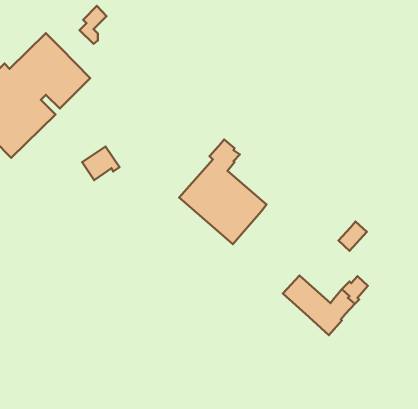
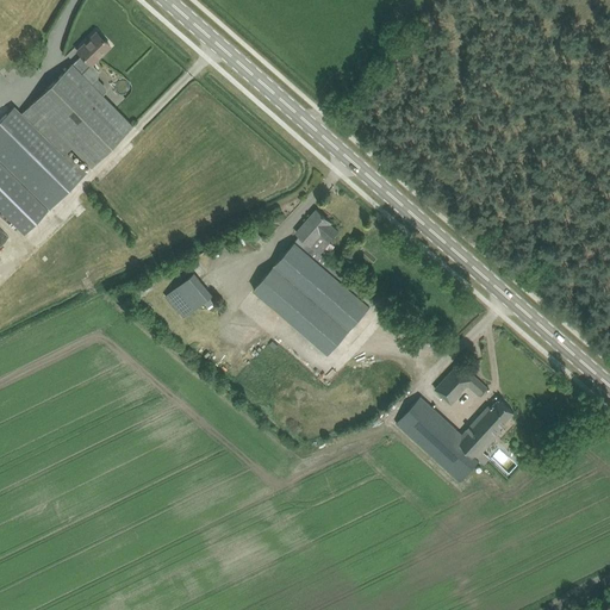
building: [80,6,106,44] -> [71,33,108,86]
building: [82,147,119,180] -> [164,274,216,320]
building: [338,221,367,251] -> [435,365,474,405]

